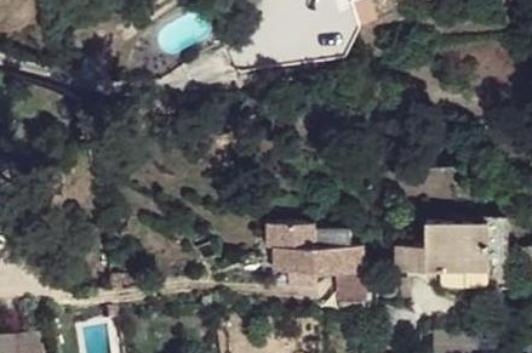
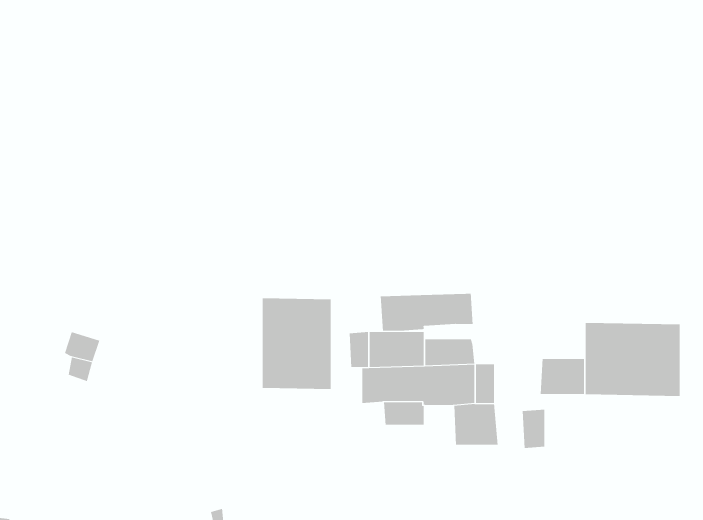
building: none -> [380,293,473,331]
building: none -> [262,298,331,390]

